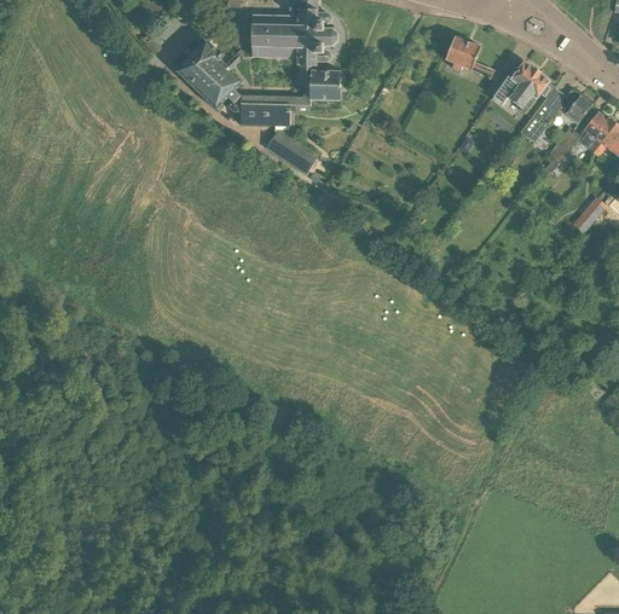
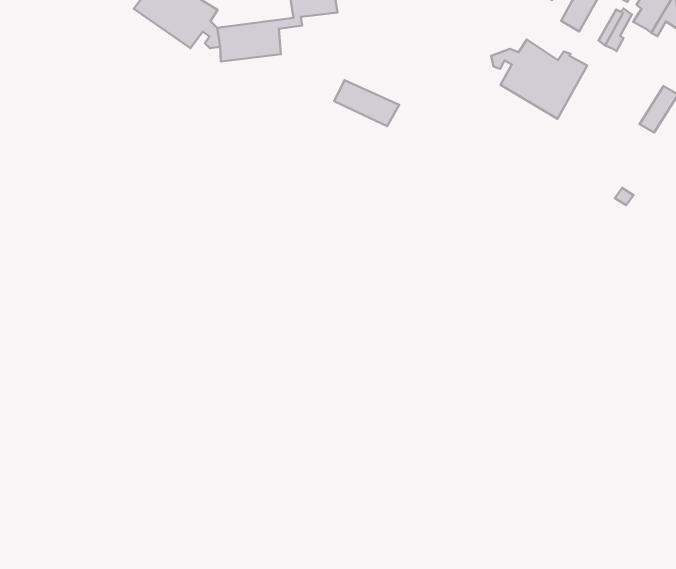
building: [266,132,318,174] -> [334,80,399,126]
building: none -> [491,39,587,119]

